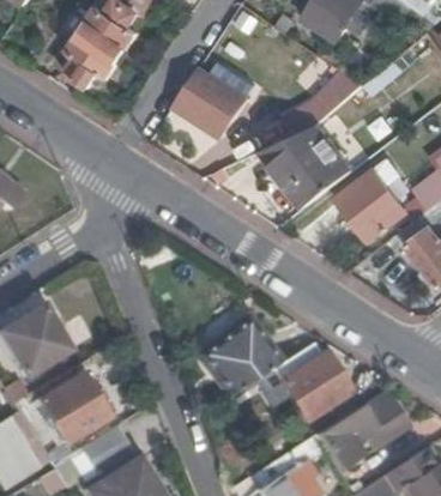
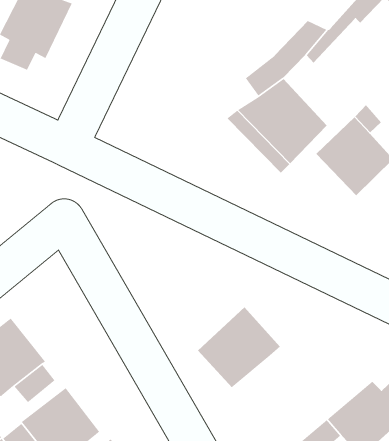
building: [173,66,244,134] -> none
building: [270,344,348,422] -> none

